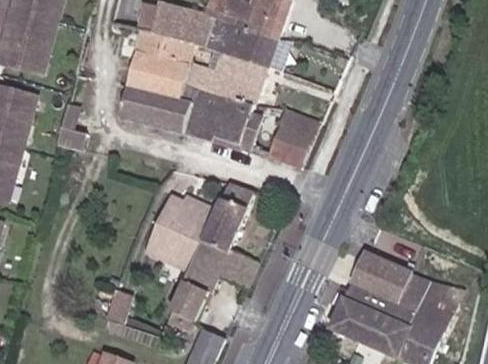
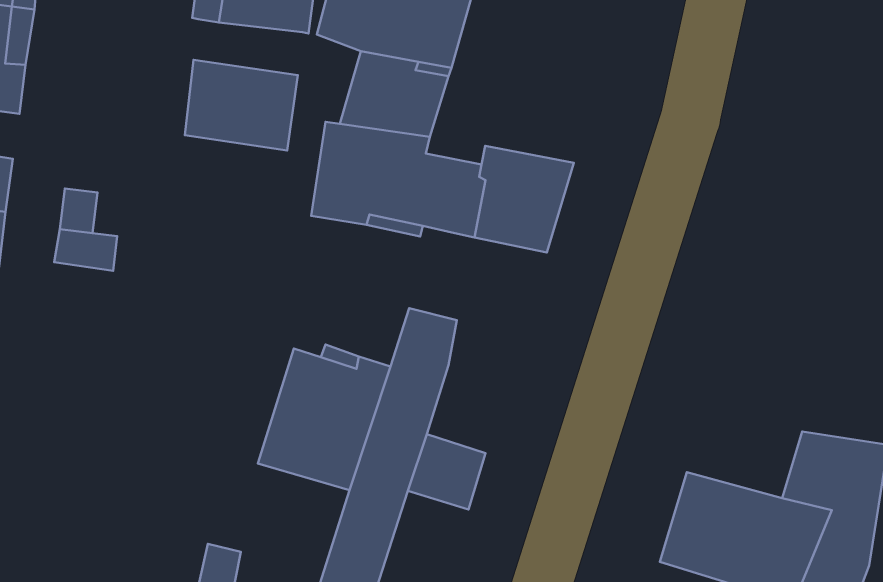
building: [133,31,189,65] -> none
building: [116,88,188,135] -> none
building: [353,254,413,306] -> none

